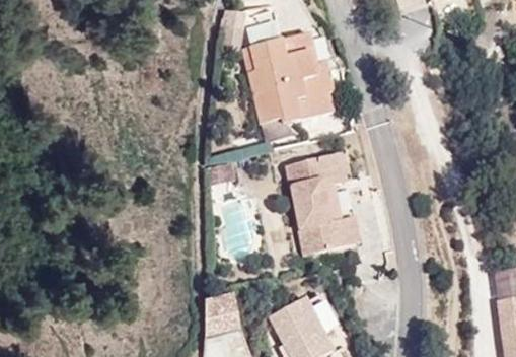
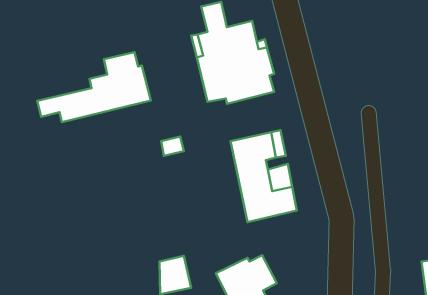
building: none -> [37,52,151,122]

